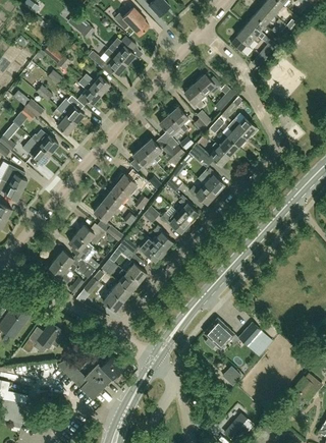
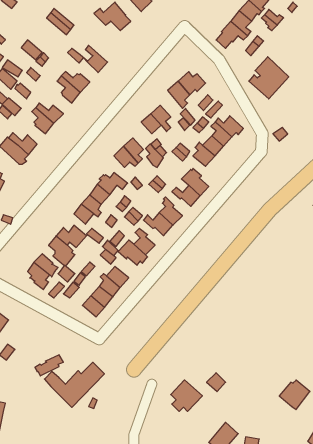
building: [108,36,135,65] -> none
building: [204,319,234,349] -> [171,380,202,411]
building: [238,322,272,356] -> none
building: [38,323,65,348] -> none

